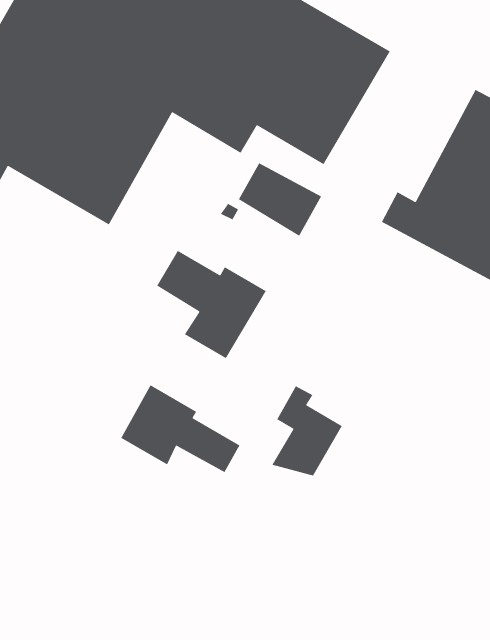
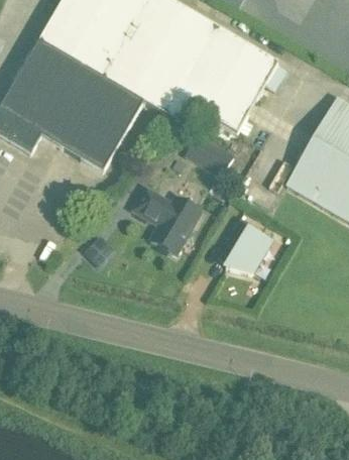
building: [120,384,241,473] -> none
building: [271,385,343,476] -> [225,218,269,274]

